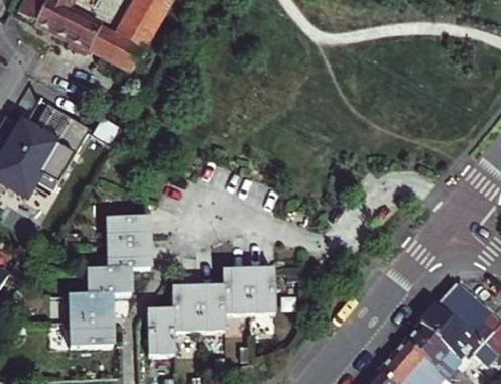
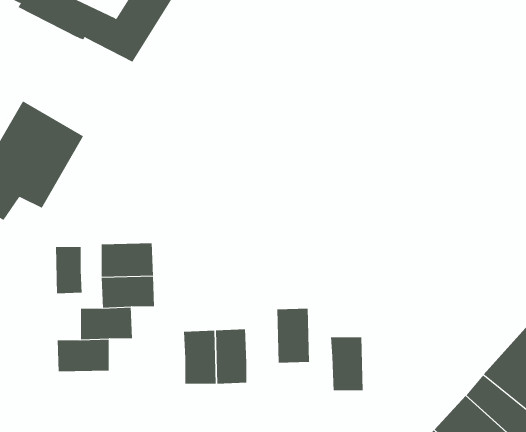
building: none -> [55,246,82,294]
building: [223,270,250,314] -> [330,337,363,391]
building: [147,310,174,355] -> none
building: [70,321,113,347] -> none

